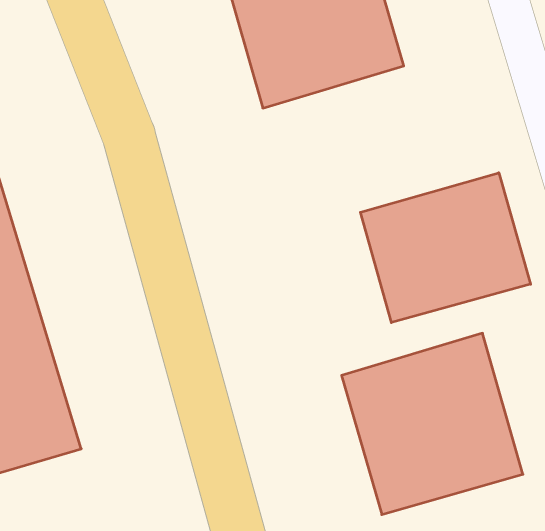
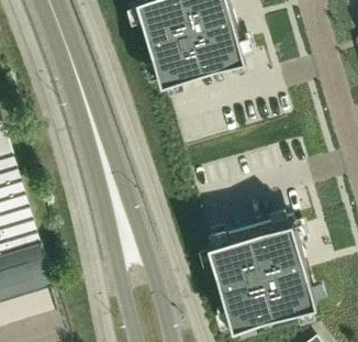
building: [360,173,531,323] -> none

